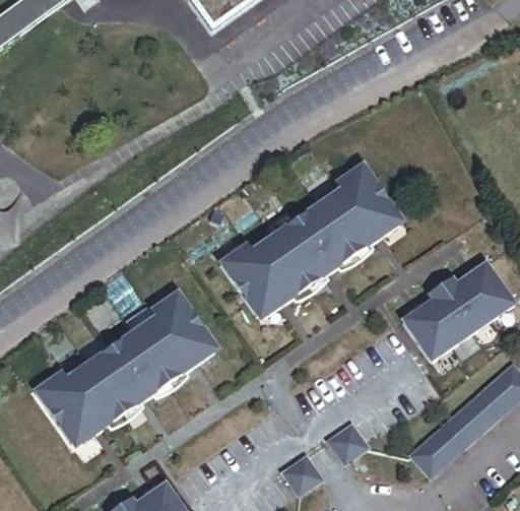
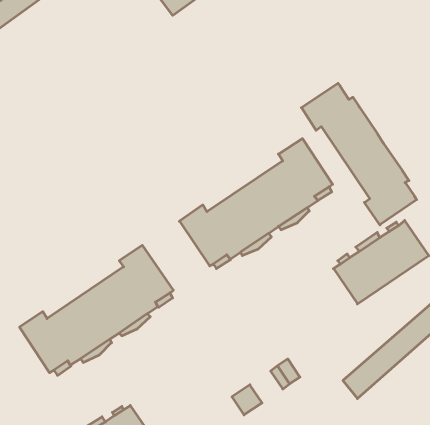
building: none -> [301,83,417,225]

